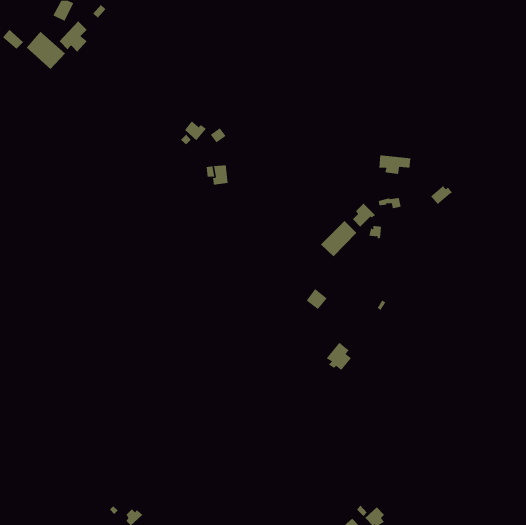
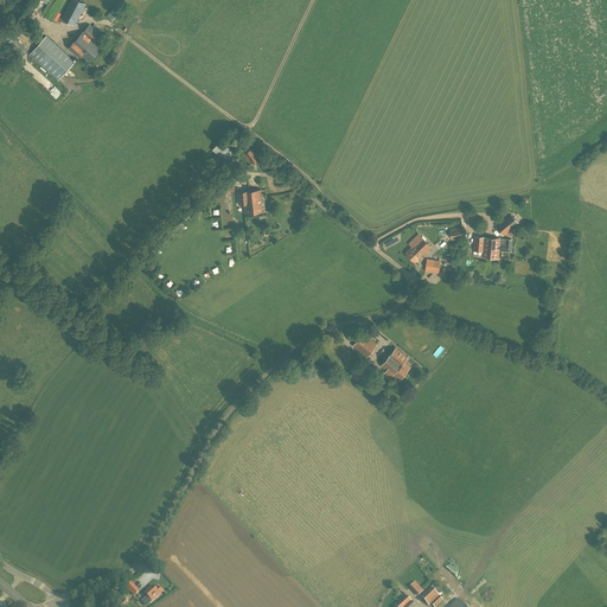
building: [378,155,411,174] -> [474,237,512,260]
building: [320,220,357,257] -> none
building: [326,342,352,371] -> [381,349,410,382]

